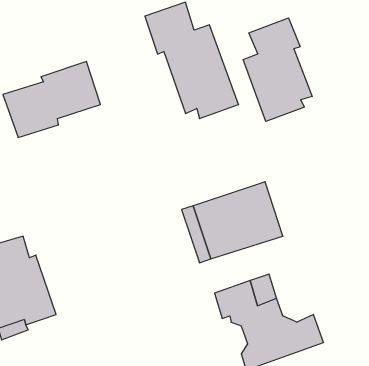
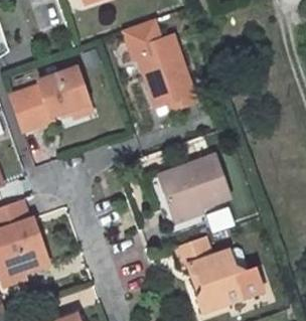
building: [243,18,312,121] -> none

